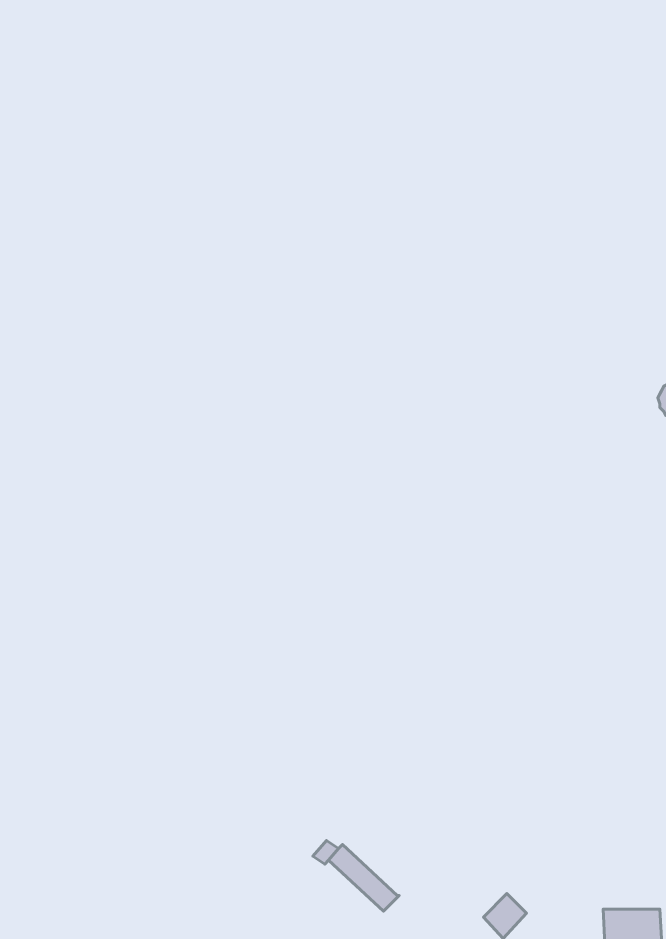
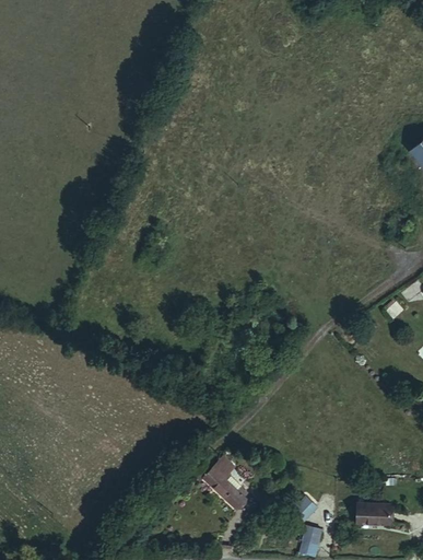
building: none -> [213,460,247,502]

